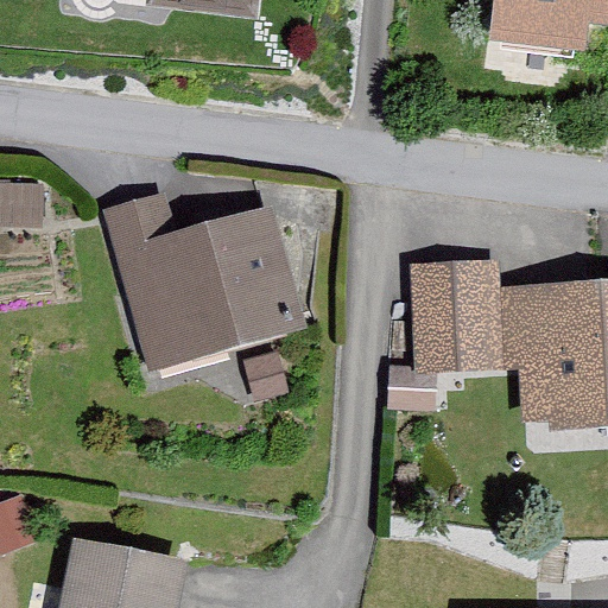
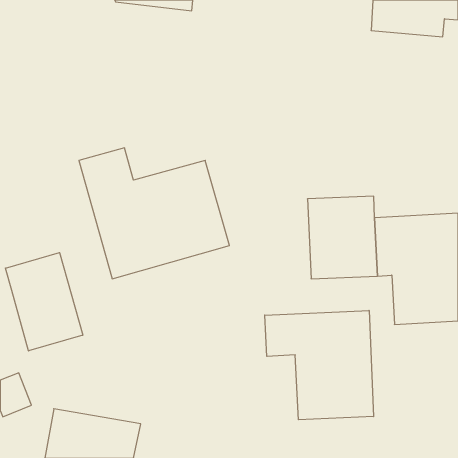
building: none -> [5,253,83,351]
building: none -> [265,310,374,420]

